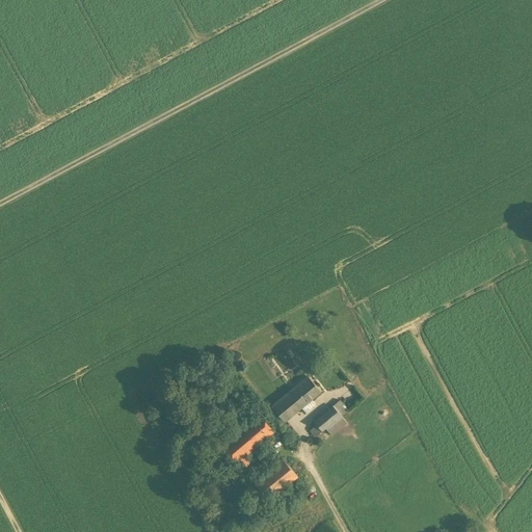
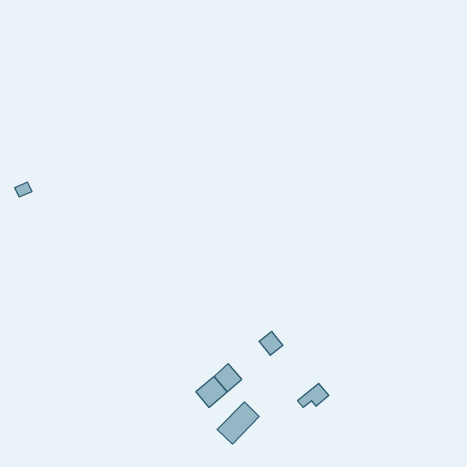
building: [272,389,308,423] -> none
building: [310,410,345,437] -> [298,383,329,407]

